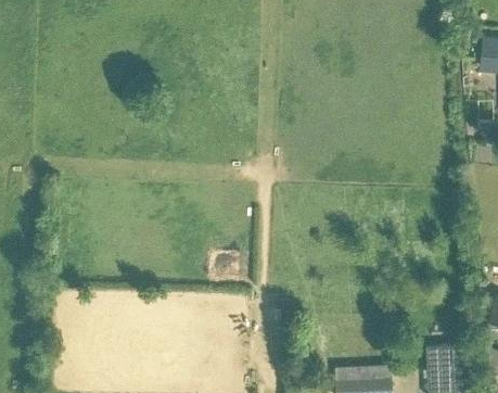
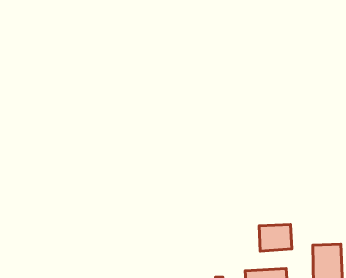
building: none -> [259,224,292,251]

